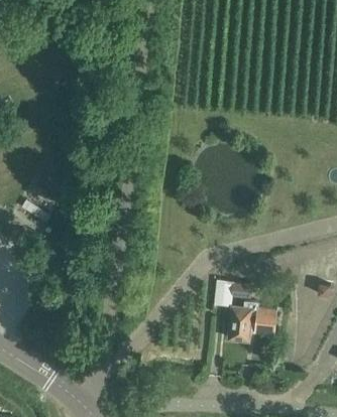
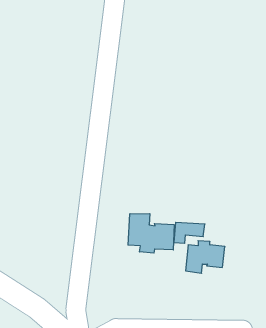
building: none -> [128,214,174,253]

